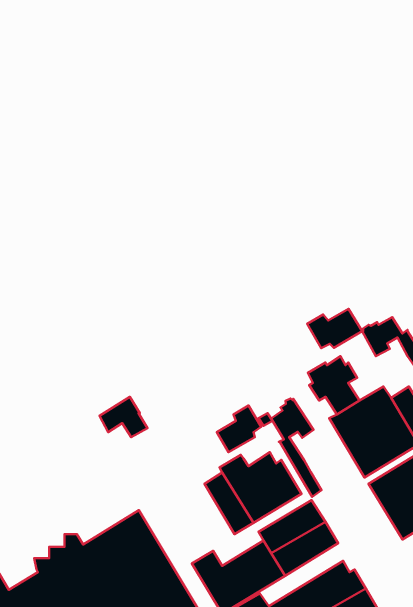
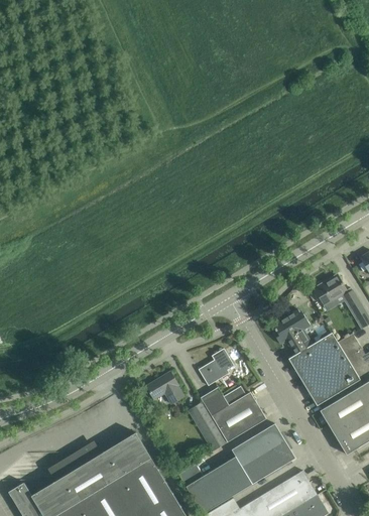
building: [307,309,362,348] -> none
building: [99,397,147,437] -> [146,372,184,404]
building: [271,398,321,497] -> none

